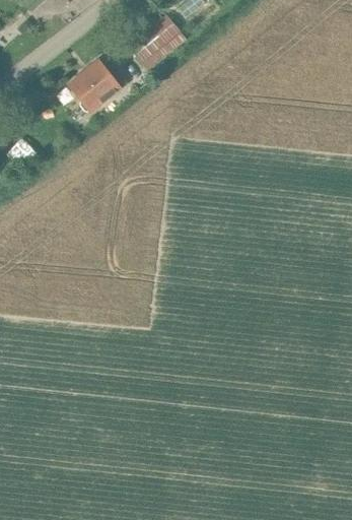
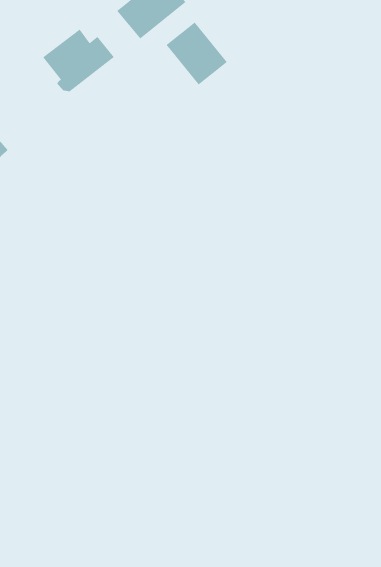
building: none -> [165,21,228,86]

